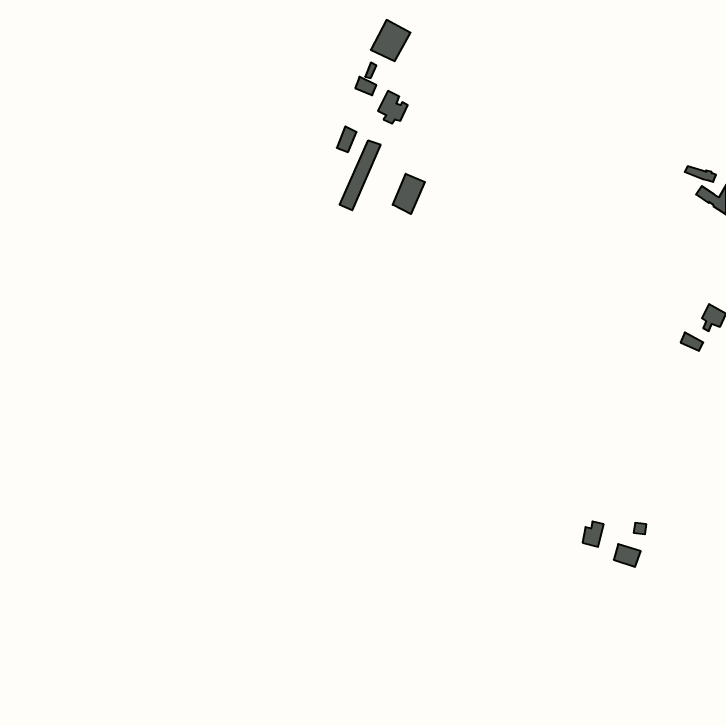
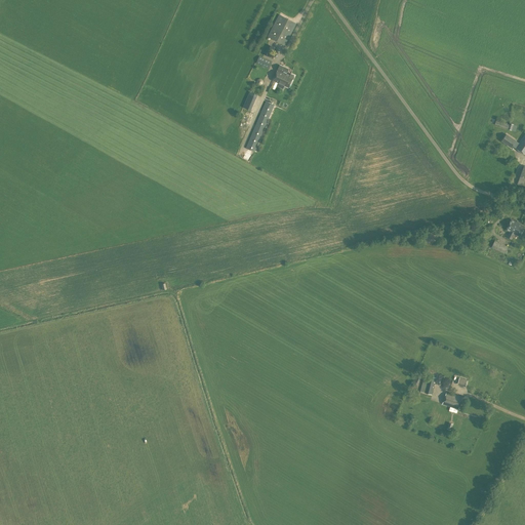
building: [393,174,425,214] -> none

